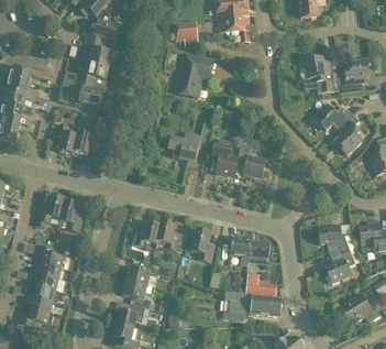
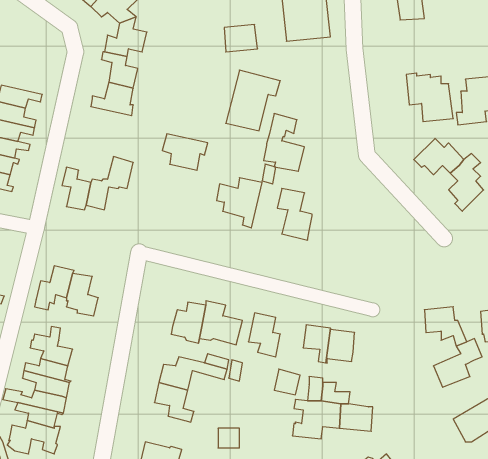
building: [73,79,106,106] -> [162,134,208,170]
building: [234,135,264,177] -> [264,114,304,171]
building: [115,303,144,327] -> none

